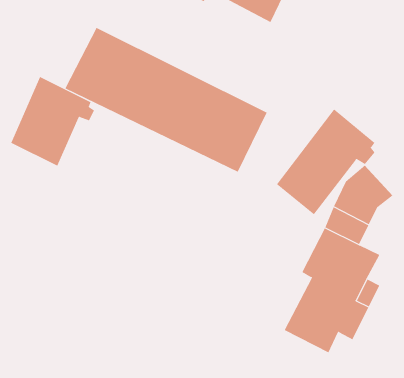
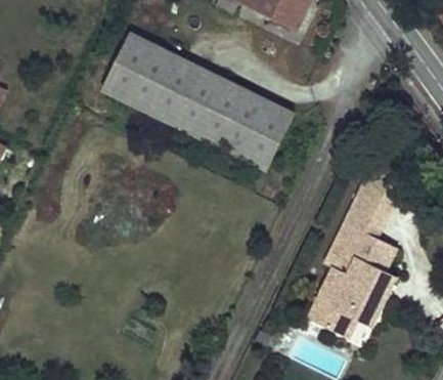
building: [10,76,95,166] -> none
building: [276,108,375,215] -> none

